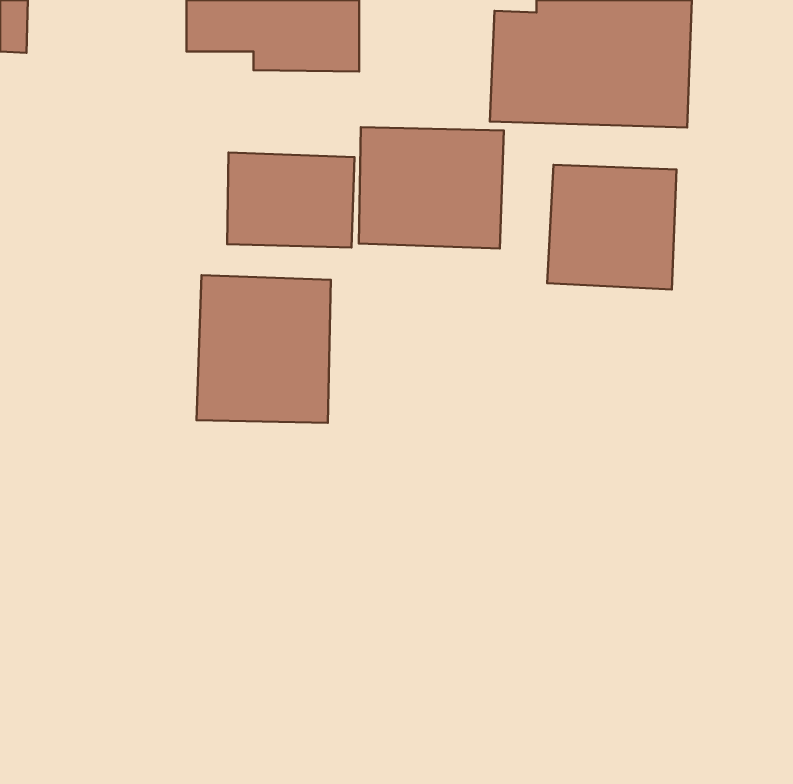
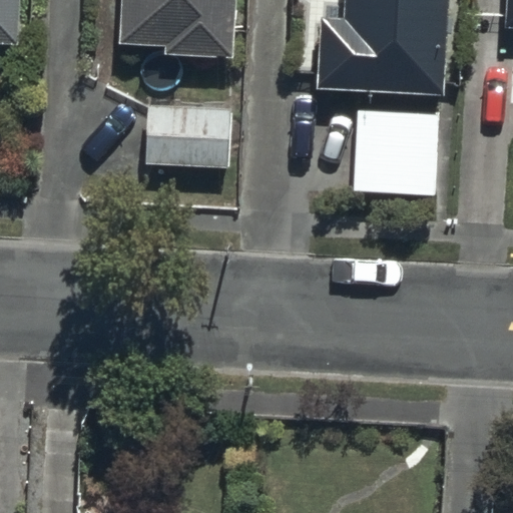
building: [359,127,504,249] -> none
building: [196,275,331,423] -> none

